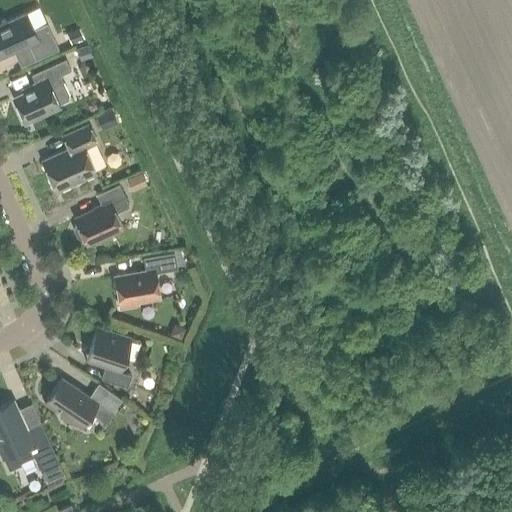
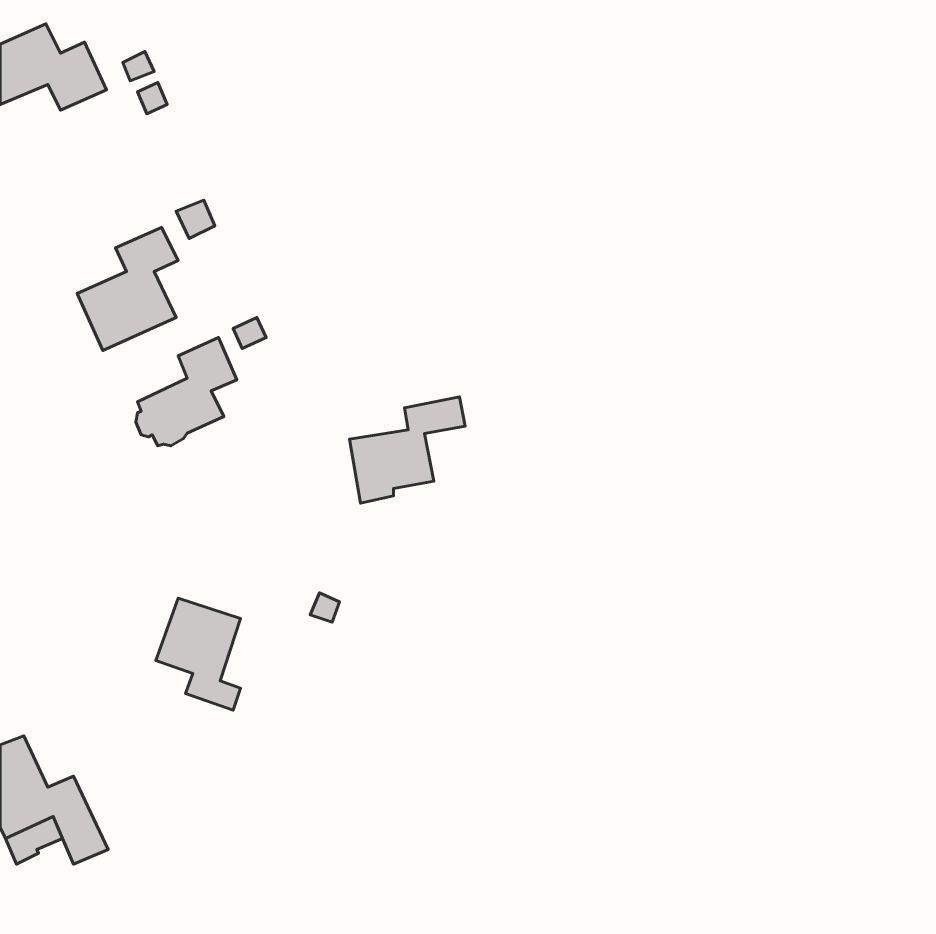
building: [14,61,72,122] -> none
building: [115,254,178,312] -> [349,397,465,503]
building: [45,379,122,429] -> none

